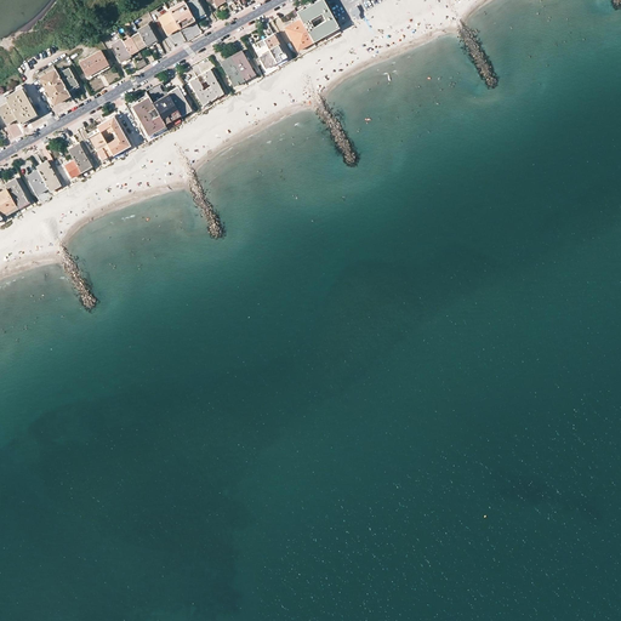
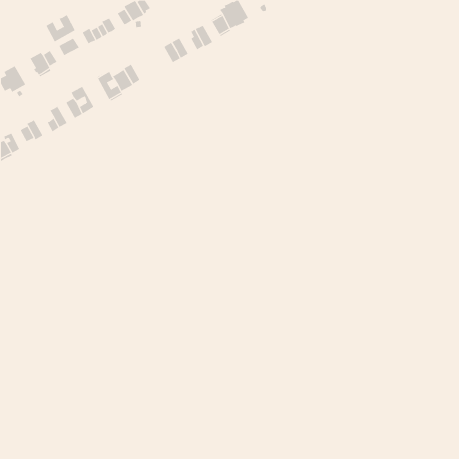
building: none -> [45,14,75,42]
building: [190,69,224,104] -> none

